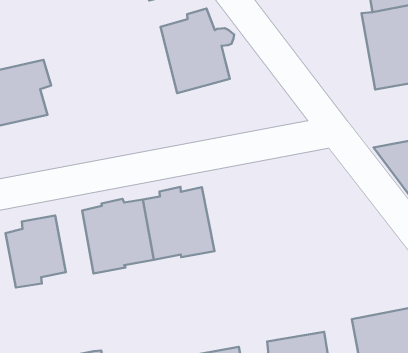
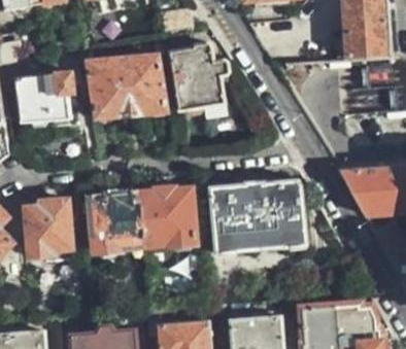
building: none -> [90,56,165,117]
building: none -> [212,177,307,251]

